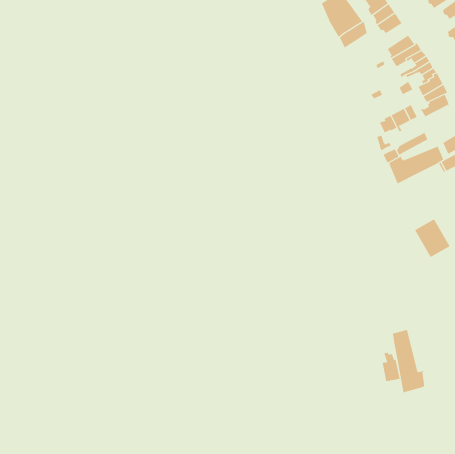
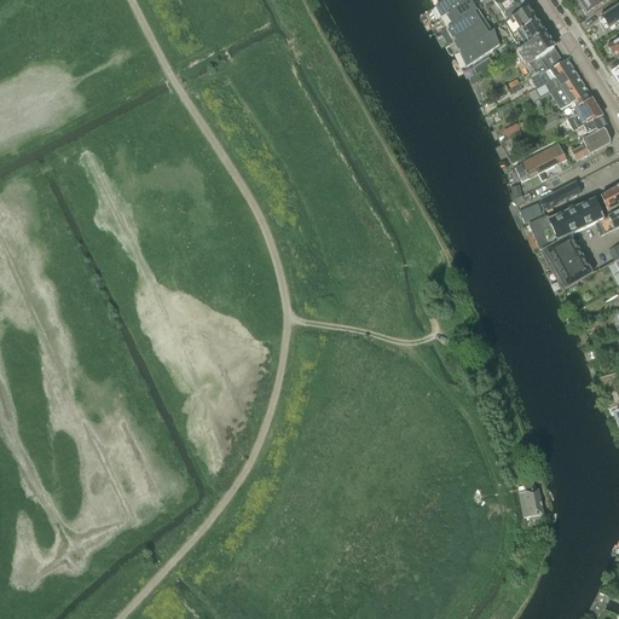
building: none -> [517,31,555,65]
building: [414,218,451,258] -> [543,233,592,287]
building: [392,329,425,393] -> none

